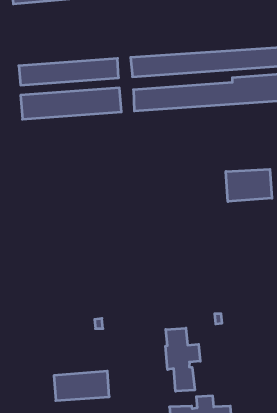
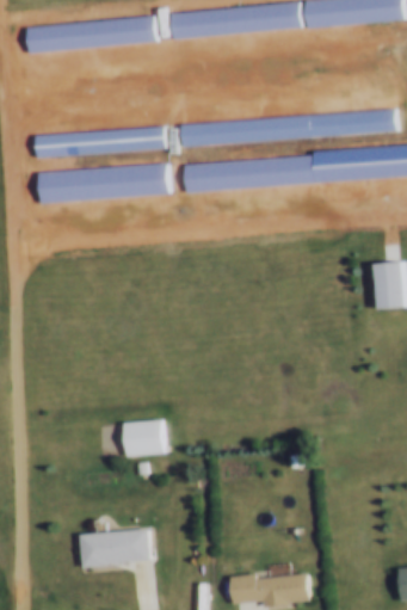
building: [226,169,272,202] -> none
building: none -> [123,420,164,456]
building: [166,328,200,391] -> none

